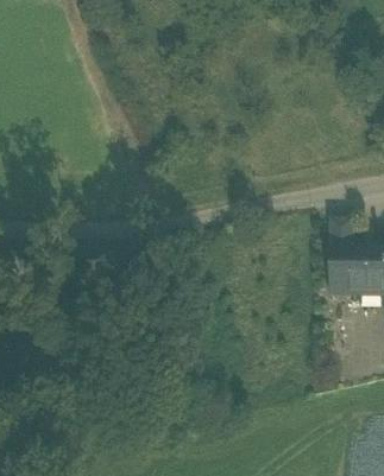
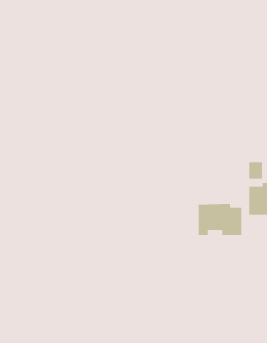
building: none -> [198,203,242,236]

